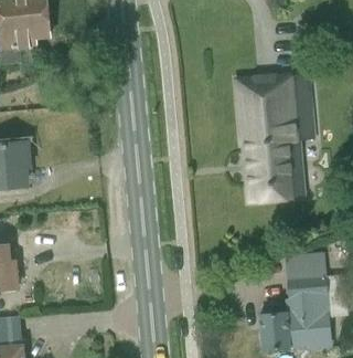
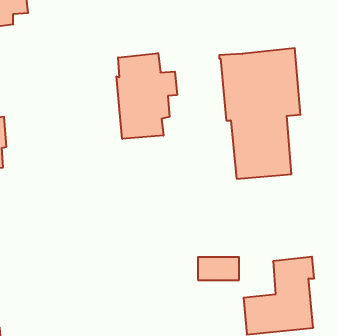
building: none -> [117,53,177,139]
building: [288,252,328,274] -> [198,257,239,280]

